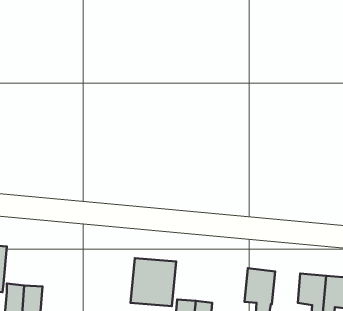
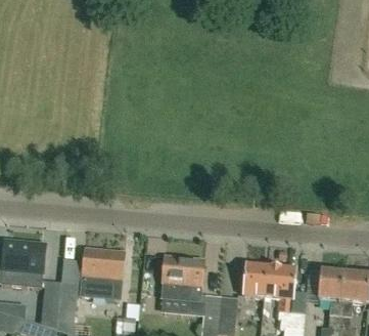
building: none -> [81,249,123,299]
building: none -> [241,263,270,297]

